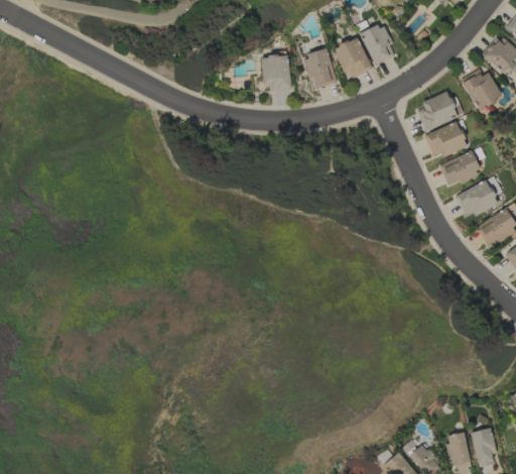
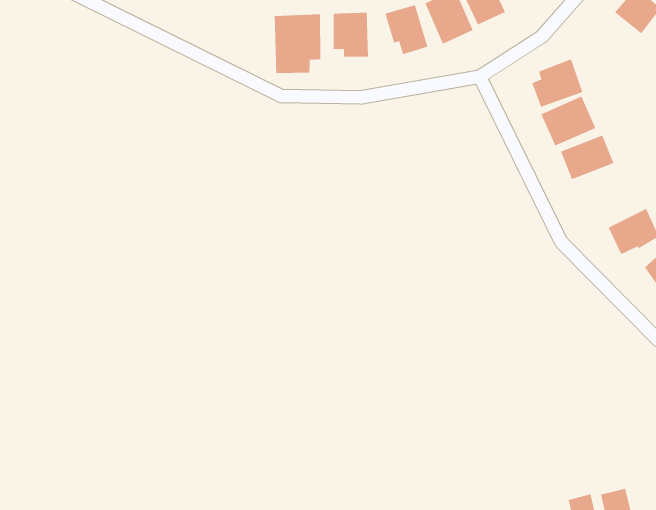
building: none -> [274,13,321,74]
building: [460,67,502,111] -> none
building: [456,181,498,215] -> none

